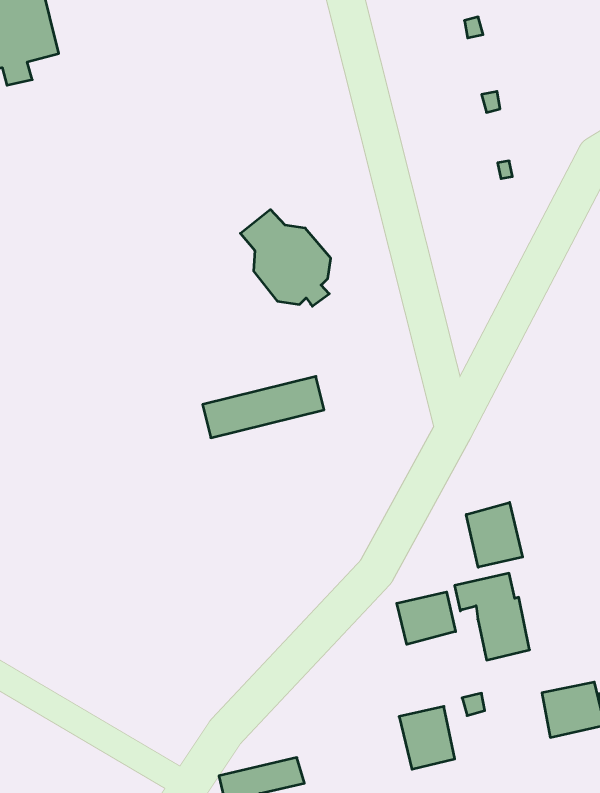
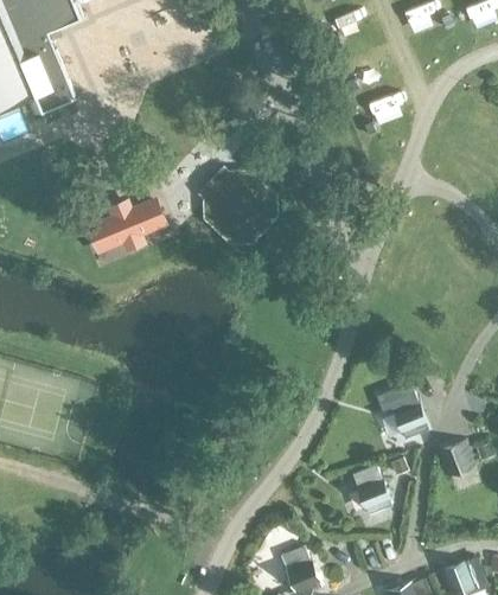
building: [203,376,324,438] -> [88,201,165,250]
building: [466,502,523,567] -> none
building: [397,592,456,644] -> none

